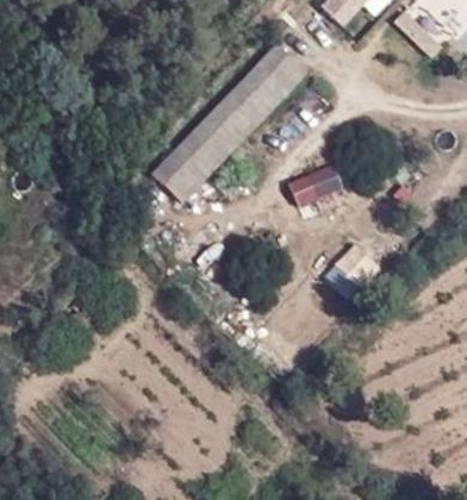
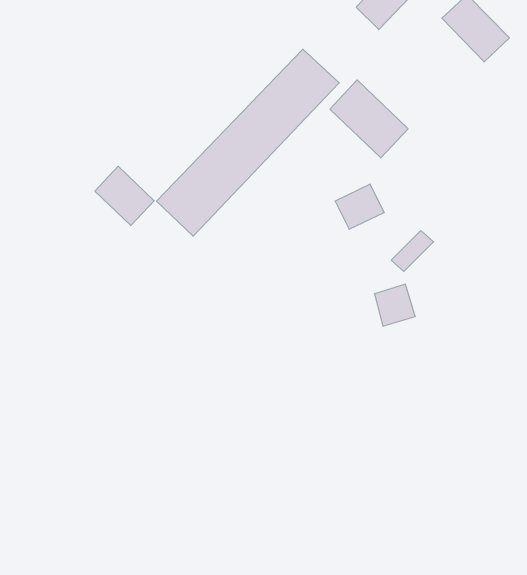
building: none -> [330,80,408,158]
building: none -> [95,166,154,226]

